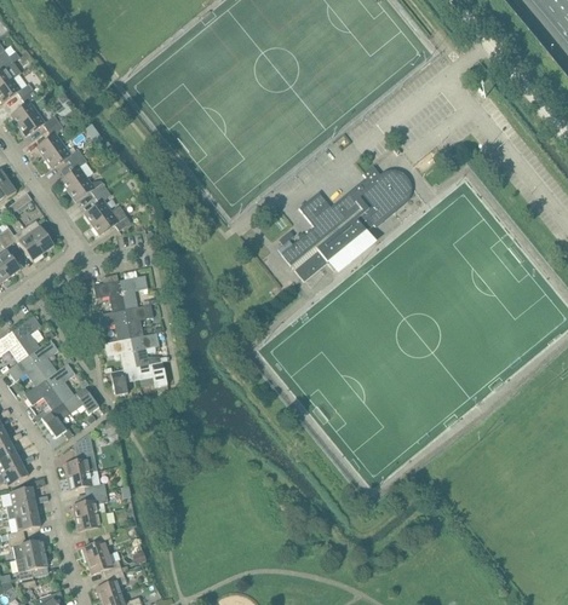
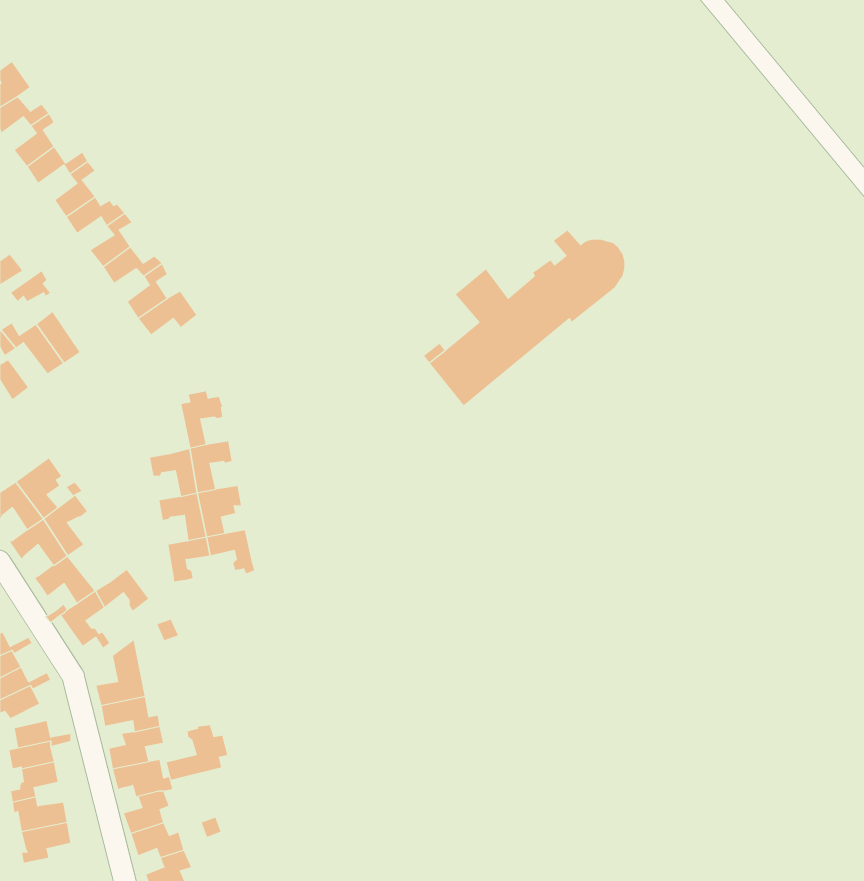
building: [92,275,125,312] -> none
building: [45,363,75,402] -> none
building: none -> [166,724,228,781]

